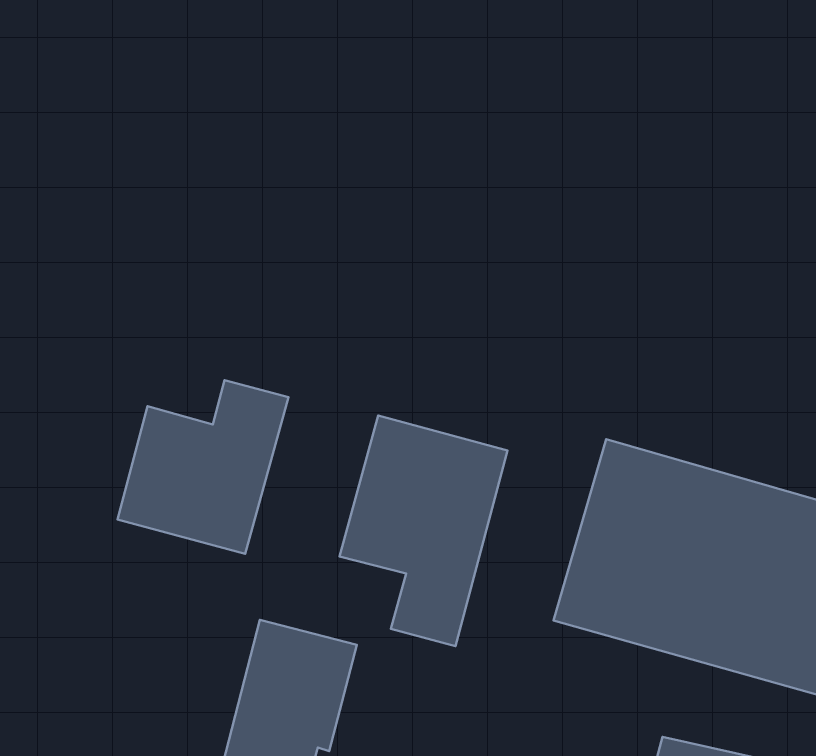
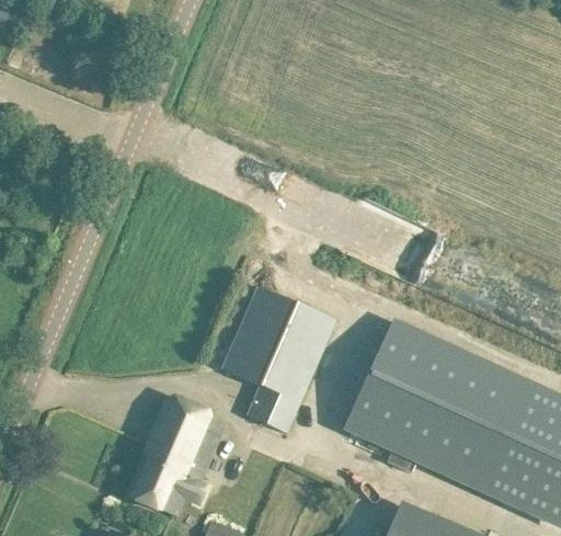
building: [118,380,288,554] -> none

